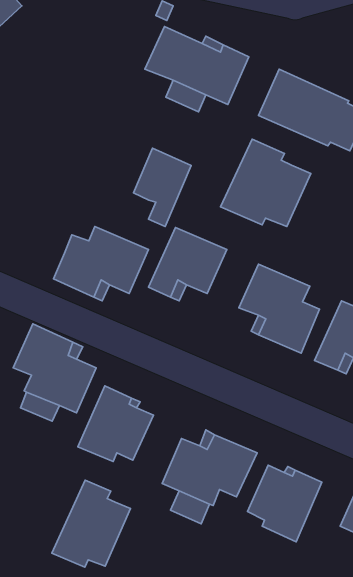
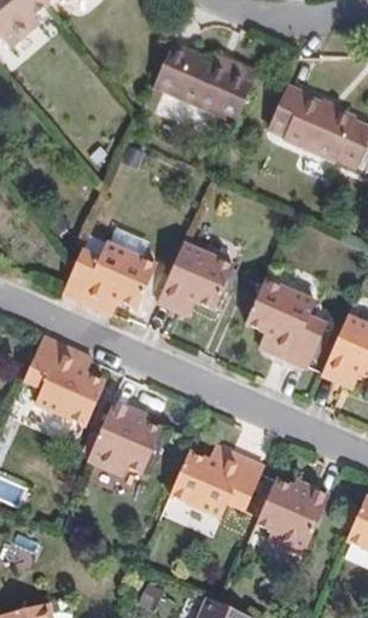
building: [220,139,311,227] -> none
building: [133,148,191,226] -> none
building: [52,480,131,567] -> none

